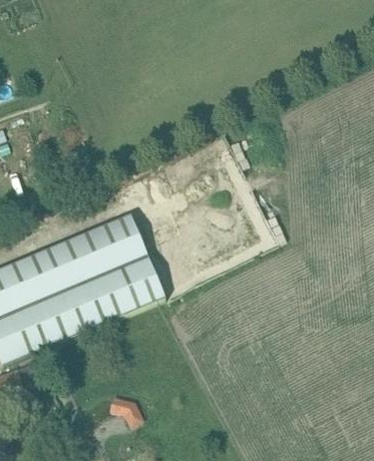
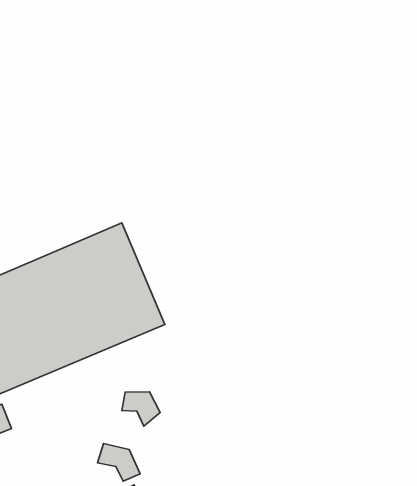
building: none -> [122,392,160,426]

